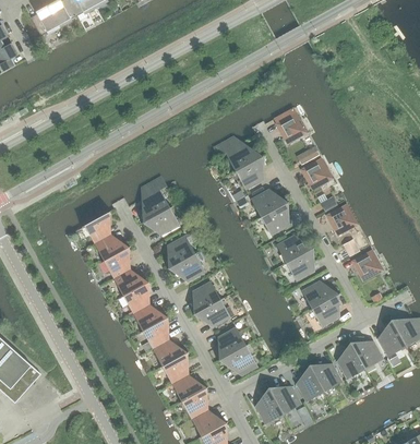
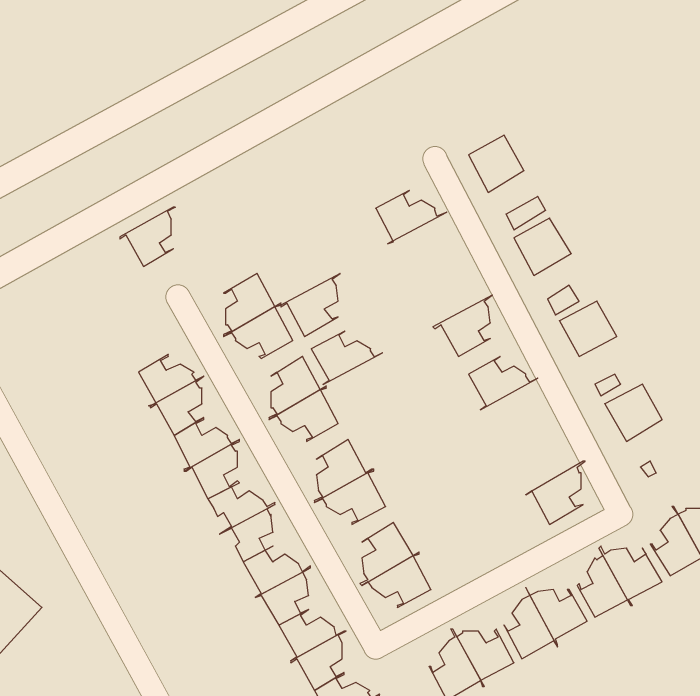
building: [232,155,265,190] -> [281,273,340,337]
building: [251,189,290,218] -> [311,331,382,384]
building: [82,211,112,243] -> [120,207,175,266]
building: [284,247,315,280] -> none
building: [302,280,340,311] -> none

